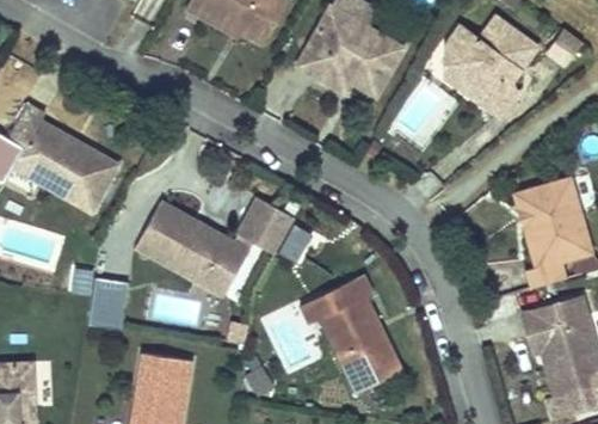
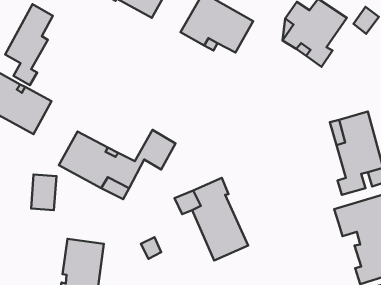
building: none -> [5,4,53,85]

